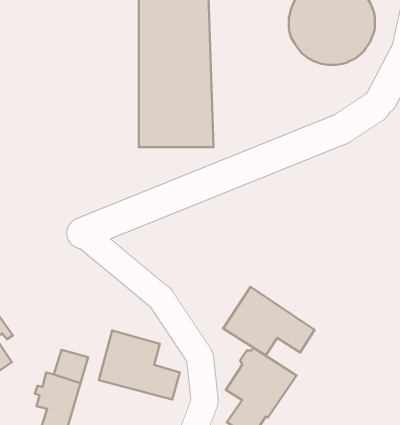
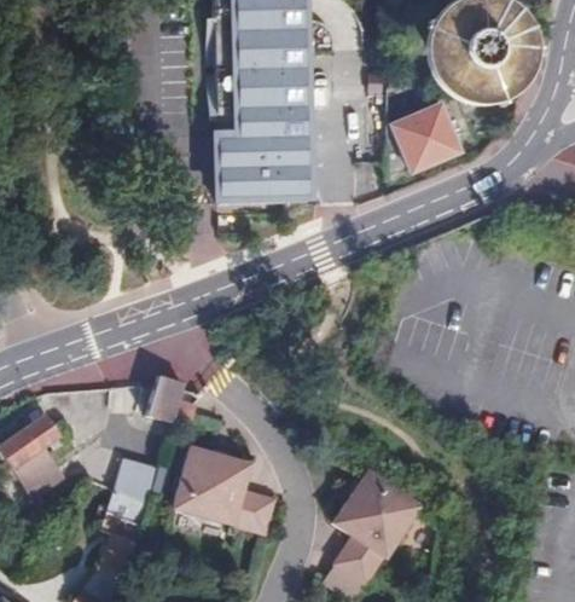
building: none -> [396,104,460,168]
building: none -> [146,378,185,427]
building: [223,287,315,356] -> none

